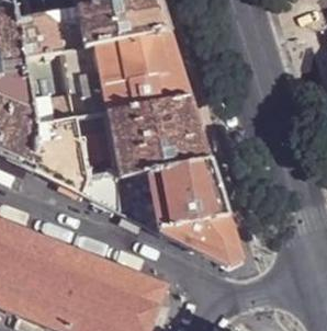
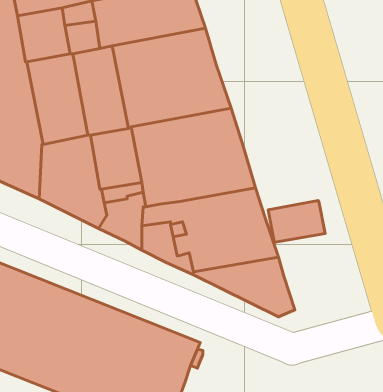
building: none -> [268,201,325,242]

